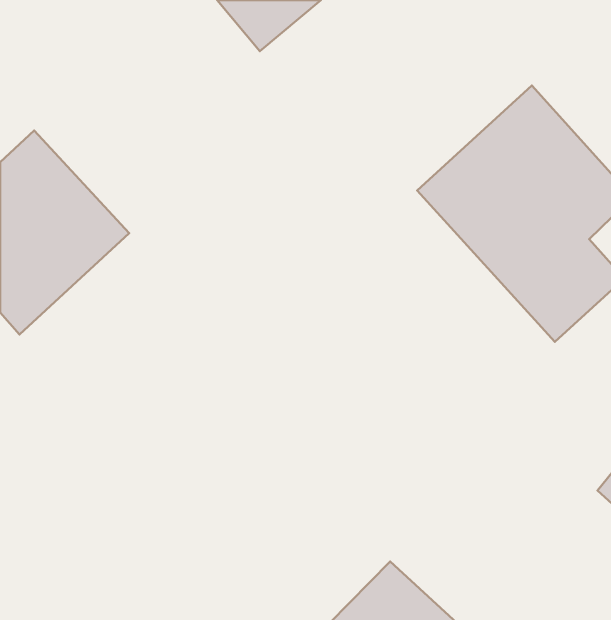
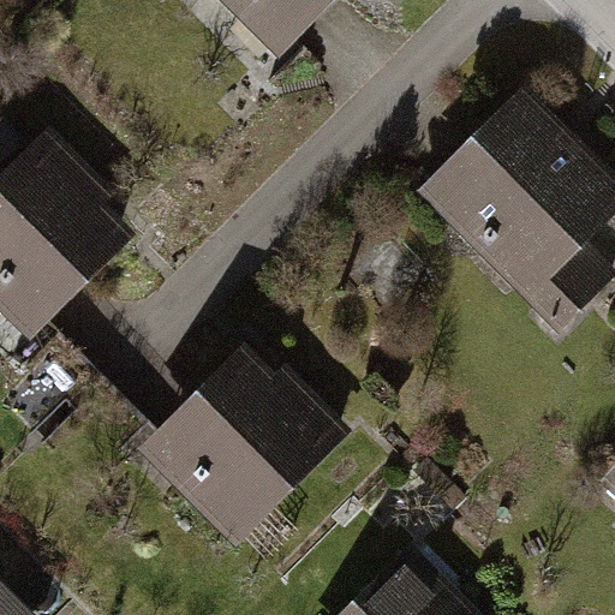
building: none -> [133,332,336,535]

